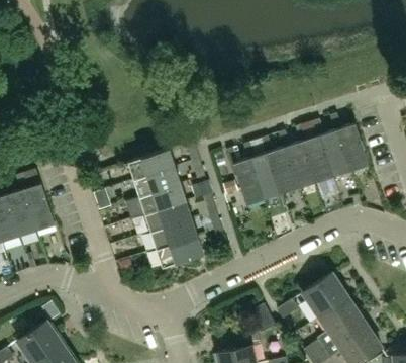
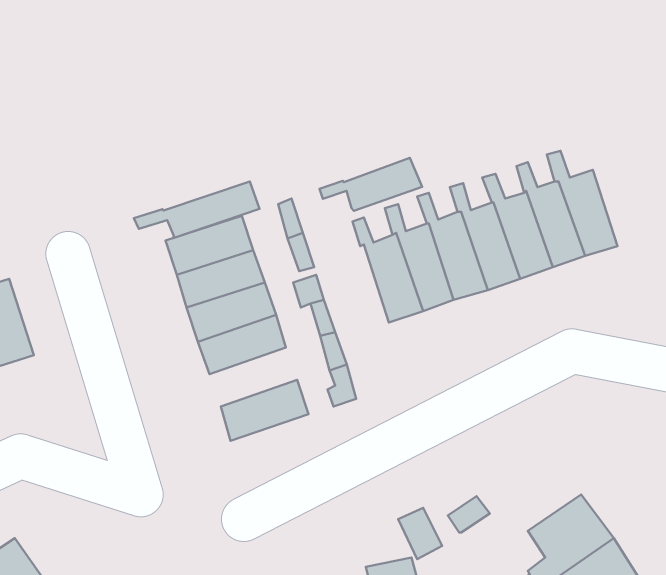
building: none -> [319,158,422,211]
building: none -> [134,181,259,238]
building: [149,219,196,251] -> none
building: [301,272,346,316] -> none

